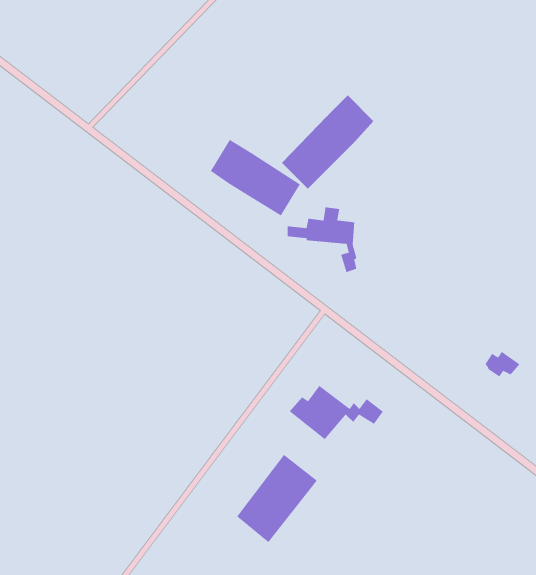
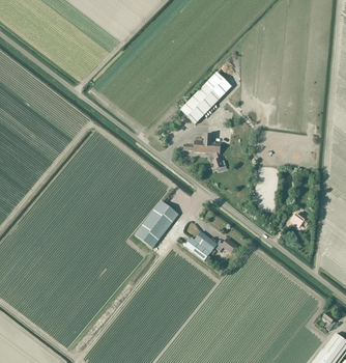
building: [210,139,301,216] -> none
building: [236,454,318,543] -> [135,199,179,248]

